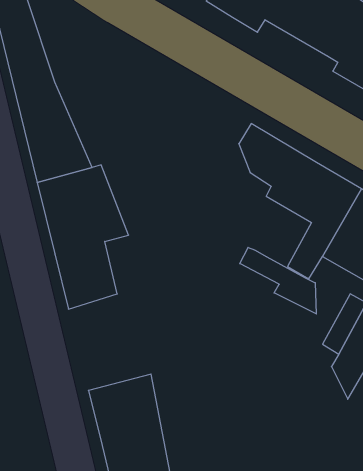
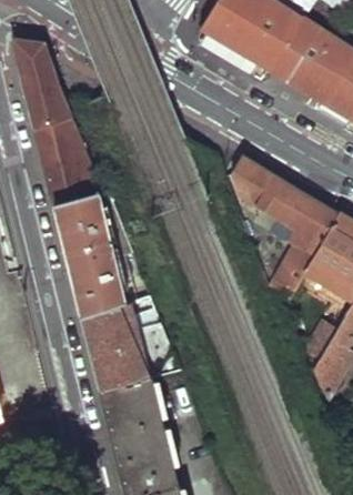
building: [240,247,316,314] -> none
building: none -> [81,303,183,392]

